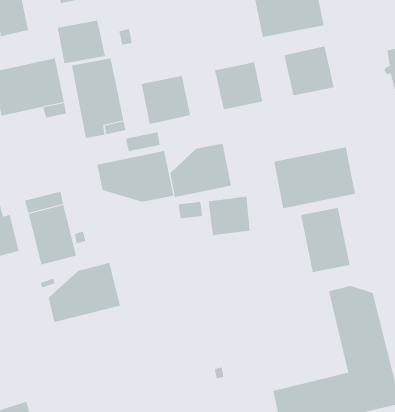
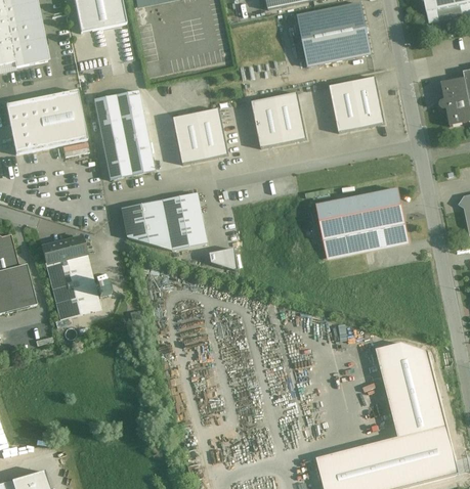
building: [57,20,106,64] -> none
building: [125,132,160,152] -> none
building: [170,143,232,198] -> none
building: [208,196,250,236] -> none
building: [301,207,350,273] -> none
building: [48,262,121,323] -> none

